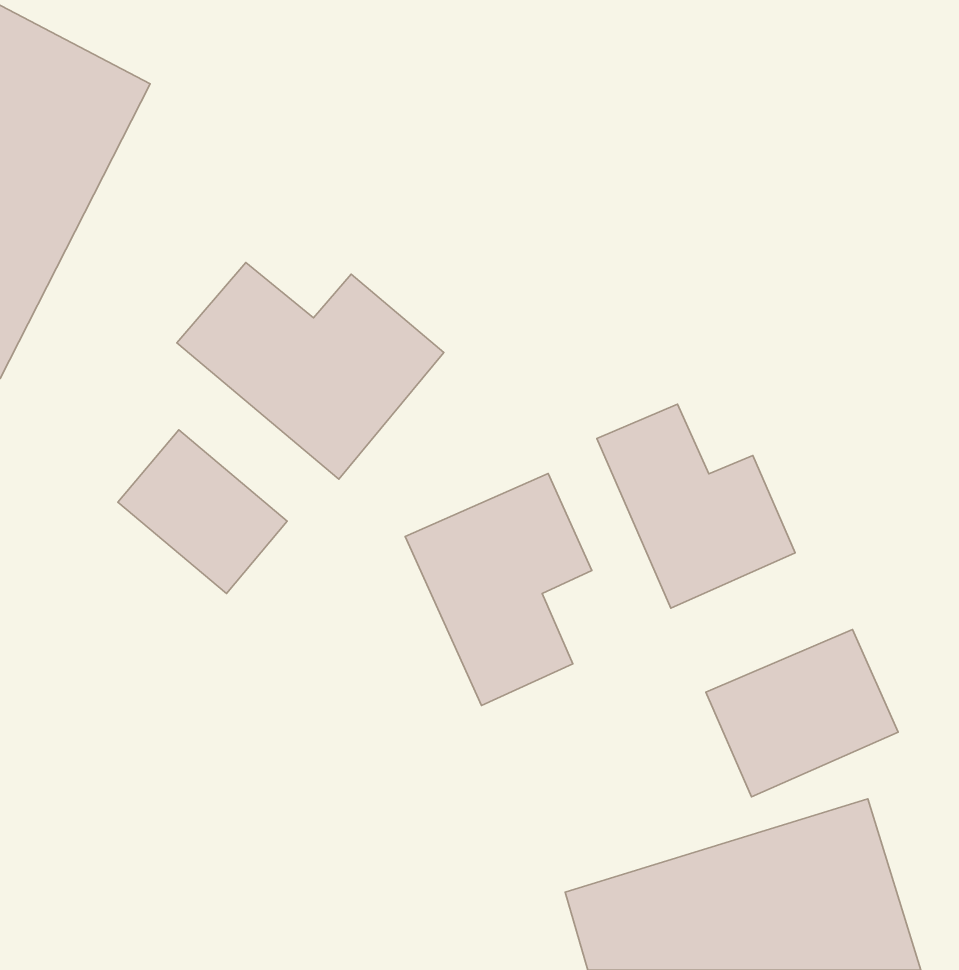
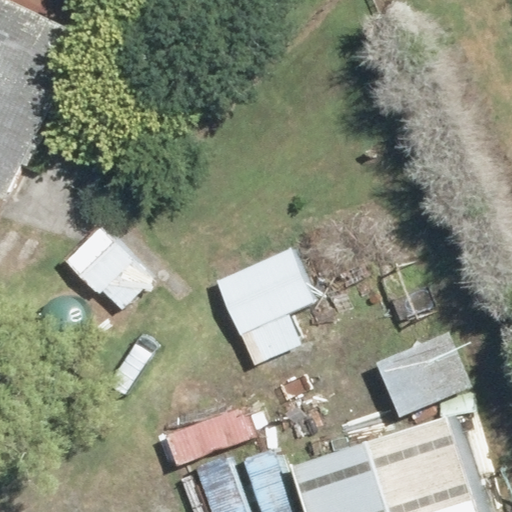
building: [177,262,444,479] -> none
building: [597,404,795,608] -> none

